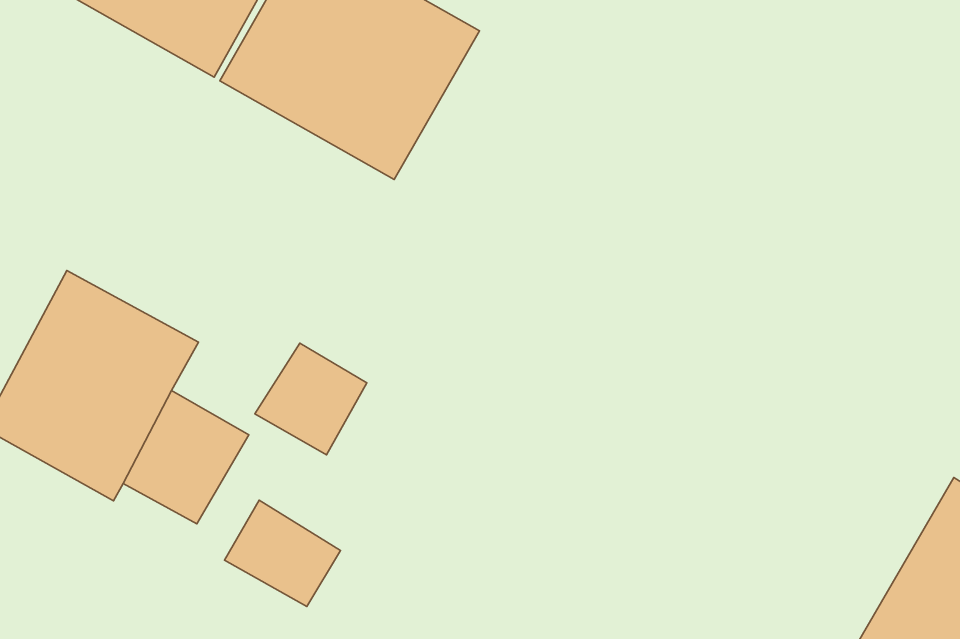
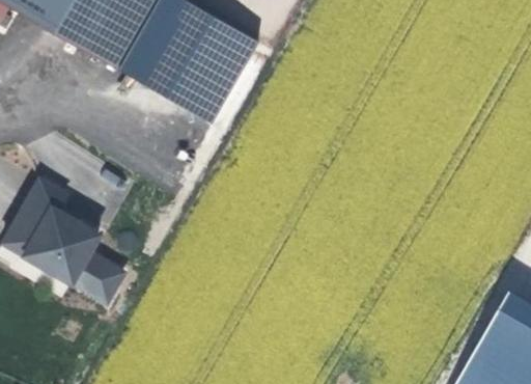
building: [255,343,367,455] -> none
building: [225,500,340,607] -> none

